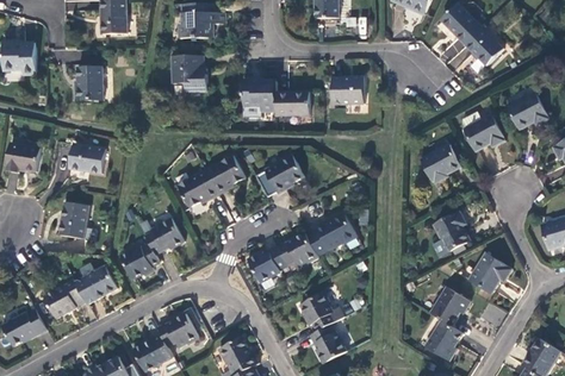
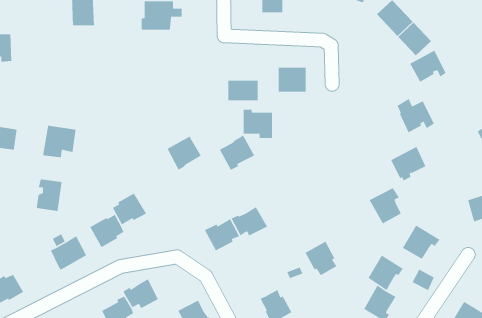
building: [170,55,204,90] -> none
building: [74,65,101,99] -> none
building: [241,77,274,111] -> [243,109,273,139]
building: [508,92,550,129] -> [409,50,447,83]
building: [421,144,461,183] -> [390,146,427,181]
building: [178,168,219,207] -> none
building: [317,213,358,249] -> none
building: [45,278,86,318] -> none
building: [299,292,336,331] -> [304,241,338,276]

